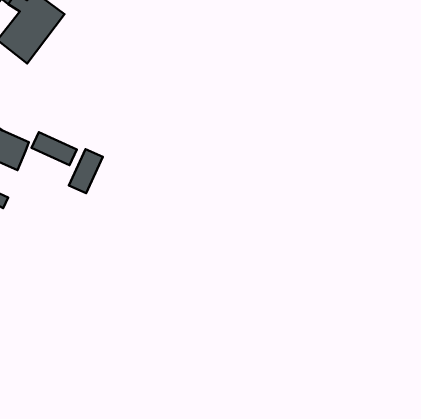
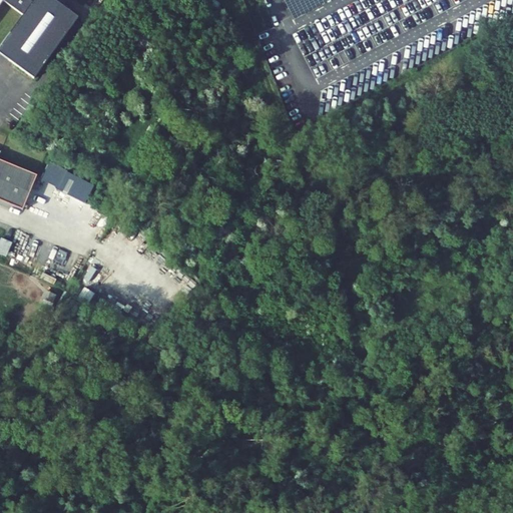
building: [69,149,103,193] -> none

